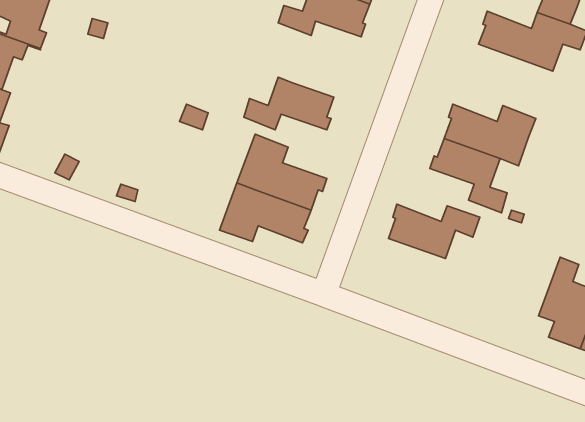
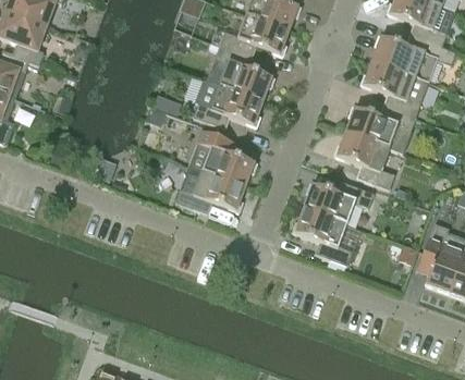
building: none -> [207,44,274,100]
building: none -> [362,60,429,117]
building: none -> [293,208,353,265]

